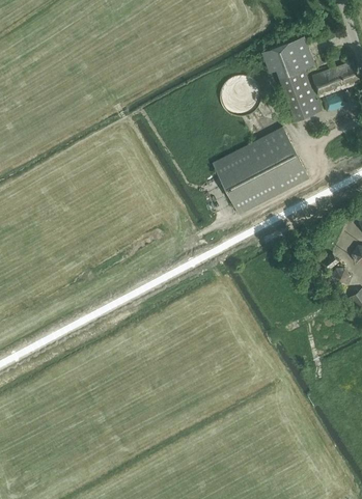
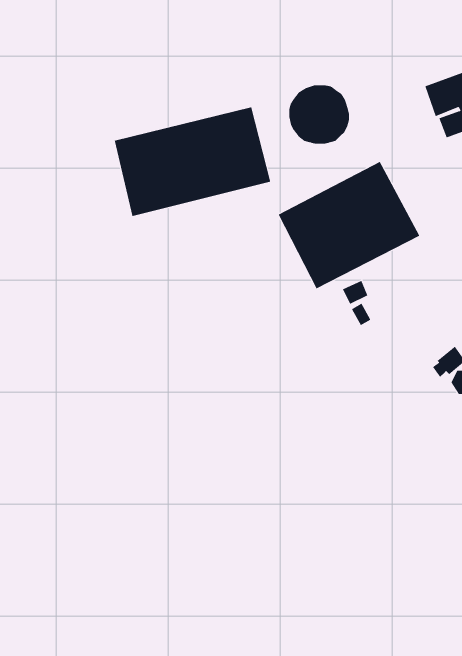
building: [264,34,323,119] -> none
building: none -> [114,107,271,217]

